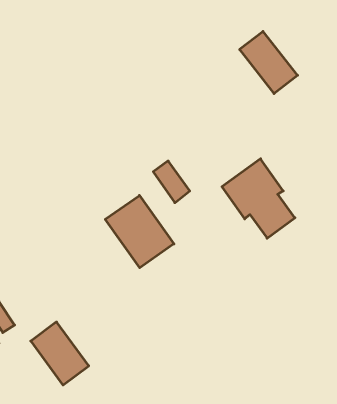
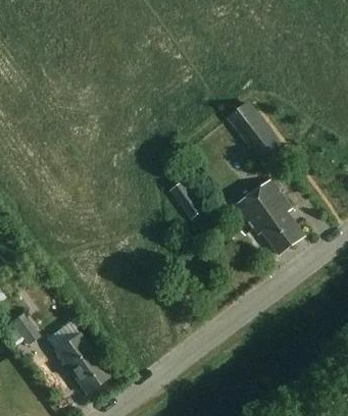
building: [240,31,298,94] -> [228,101,283,160]
building: [105,195,174,268] -> none

